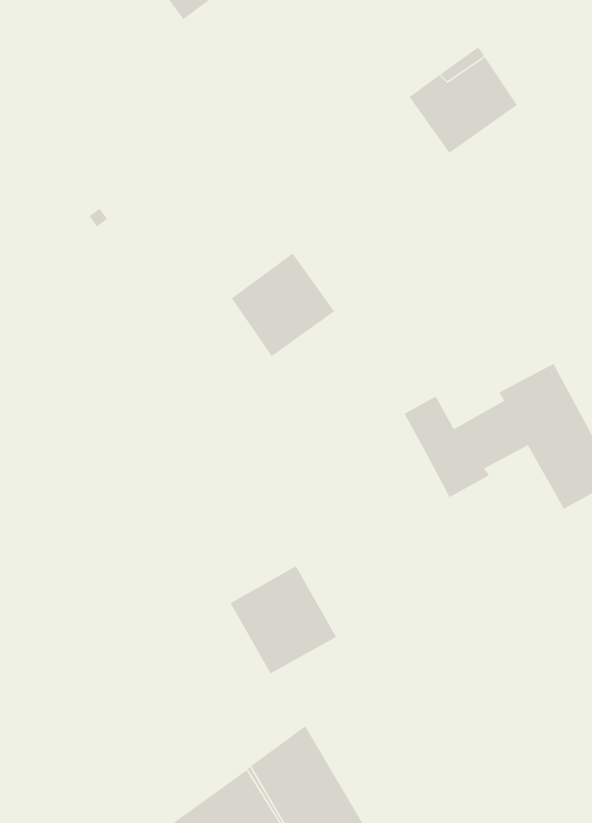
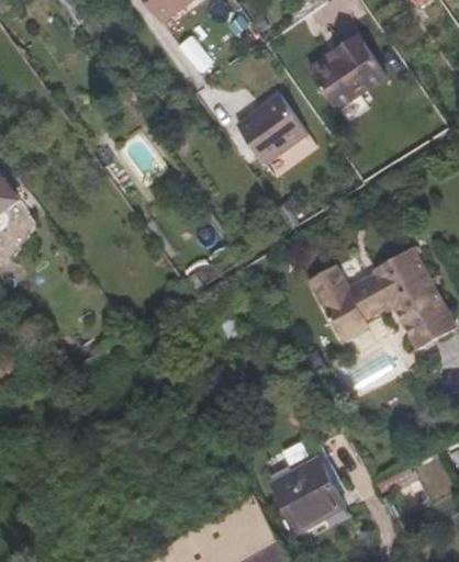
building: [231,253,335,357] -> [238,87,309,157]
building: [229,565,337,675] -> [268,463,340,537]

